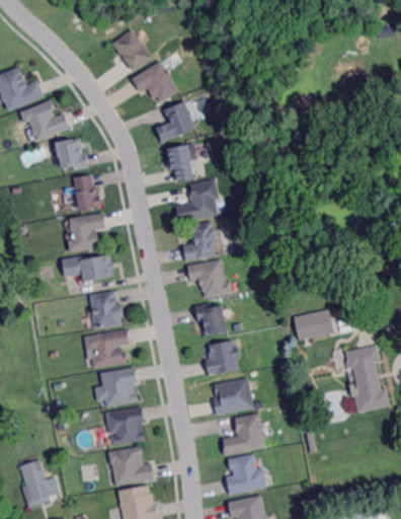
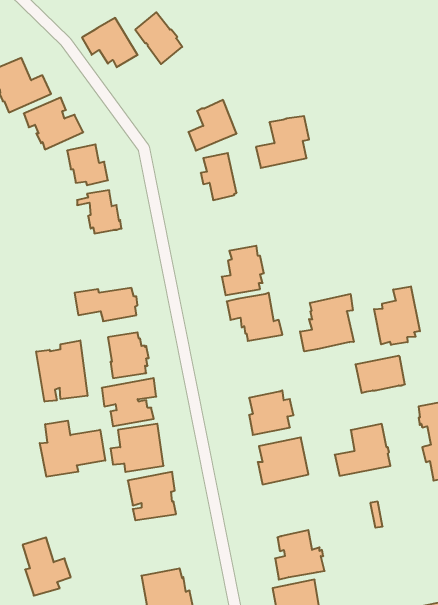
building: [132,61,177,101] -> [82,18,138,67]
building: [175,179,219,222] -> [256,116,309,168]
building: [69,212,106,251] -> none
building: none -> [374,286,420,345]
building: none -> [300,294,354,351]
building: none -> [36,340,87,402]
building: [194,303,229,337] -> none
building: none -> [40,421,105,477]
building: [222,413,267,455] -> [335,424,390,476]
building: [108,445,155,486] -> none

